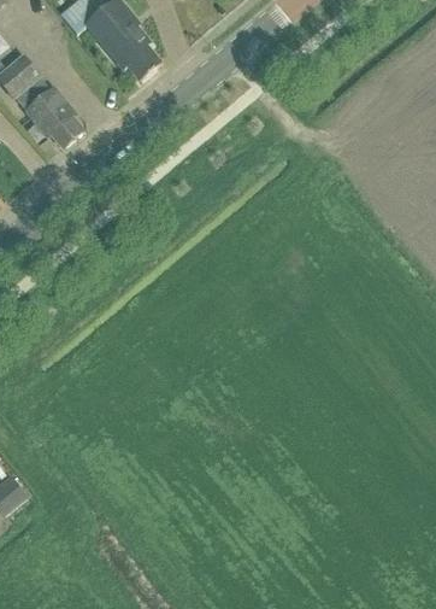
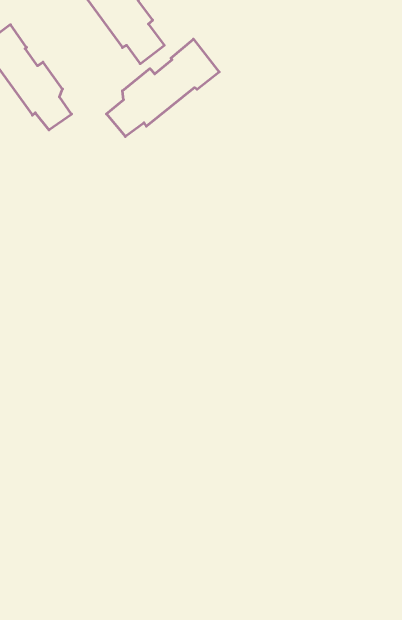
building: none -> [106,39,219,137]

